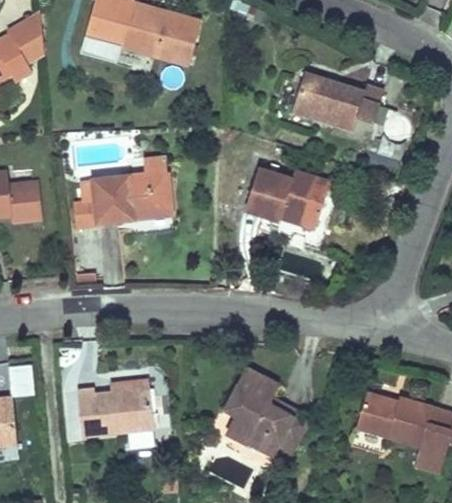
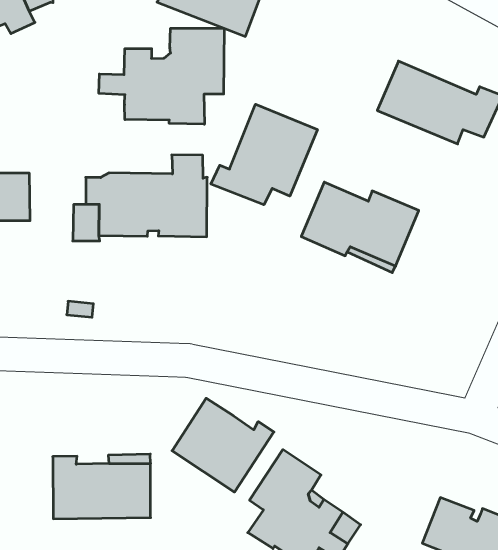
building: none -> [99,28,224,124]
building: none -> [211,104,317,205]
building: none -> [172,398,274,492]

